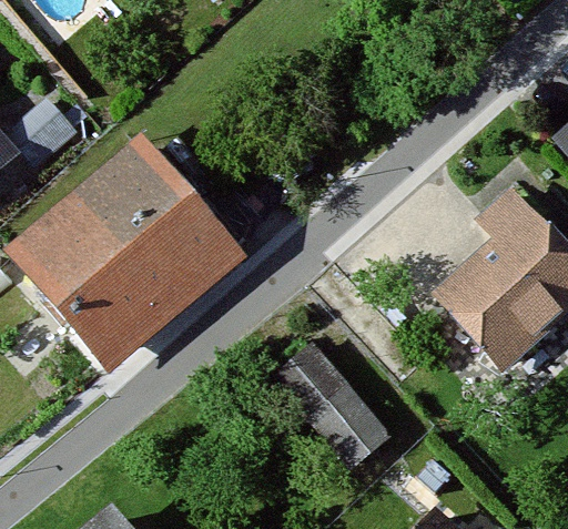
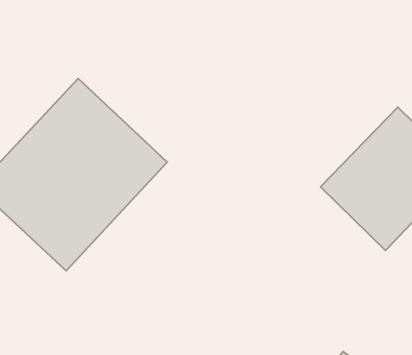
building: [275,343,402,475] -> none

